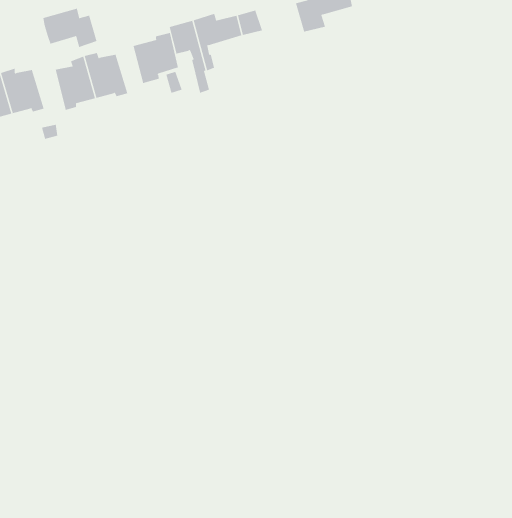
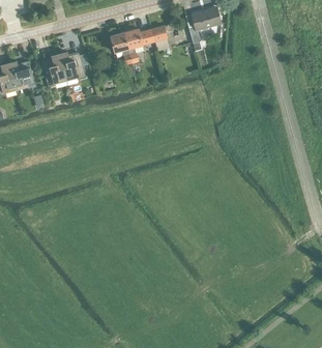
building: [43,8,97,48] -> none
building: [133,32,179,84] -> none

